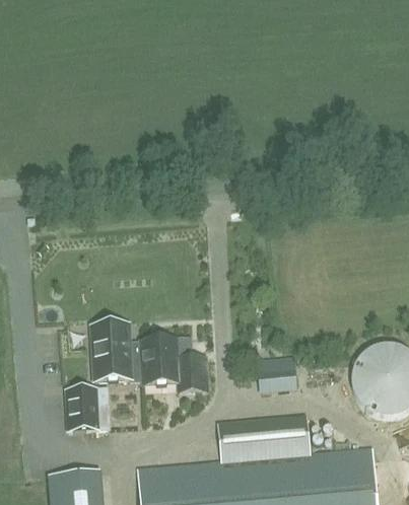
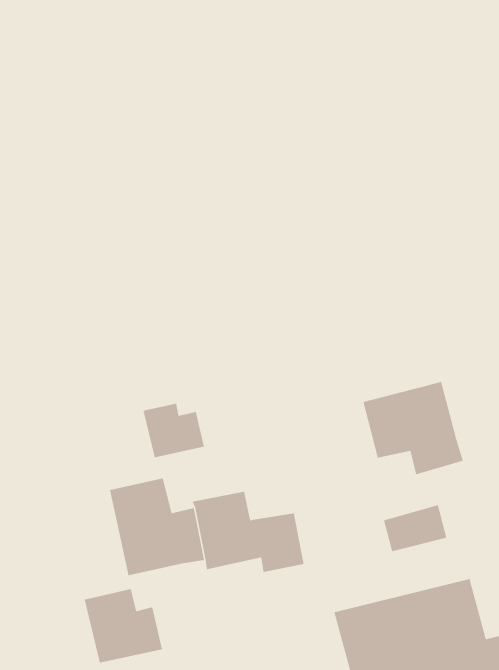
building: none -> [143,403,204,458]
building: none -> [363,381,464,475]

